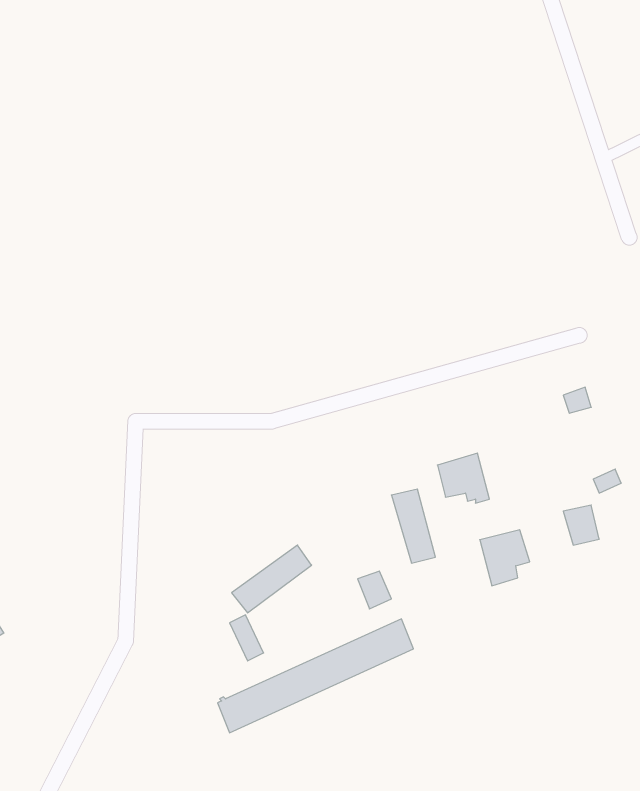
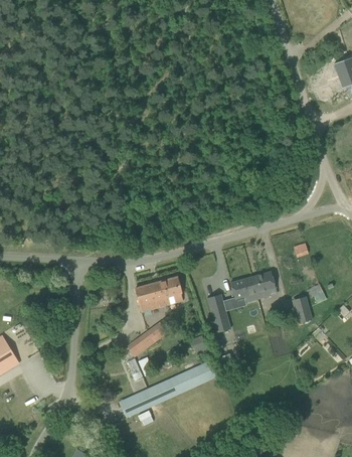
building: none -> [135,276,183,312]
building: [480,530,530,586] -> [250,271,276,299]

